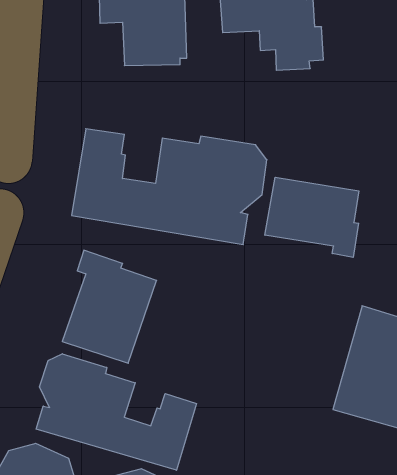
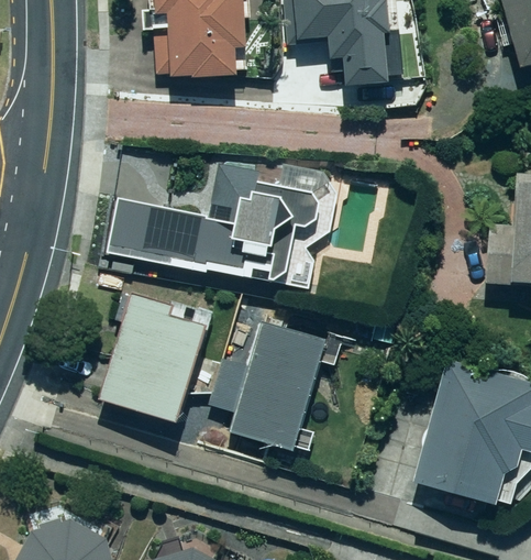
building: [265,177,359,257] -> none
building: none -> [214,292,345,454]
building: [36,354,196,470] -> none

